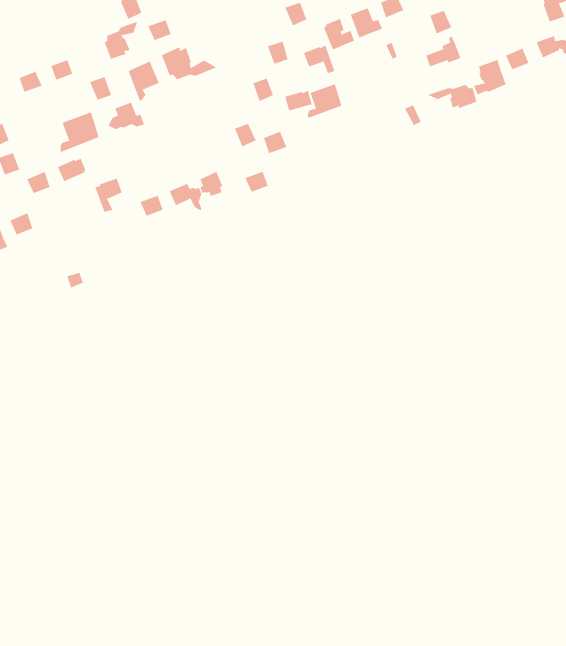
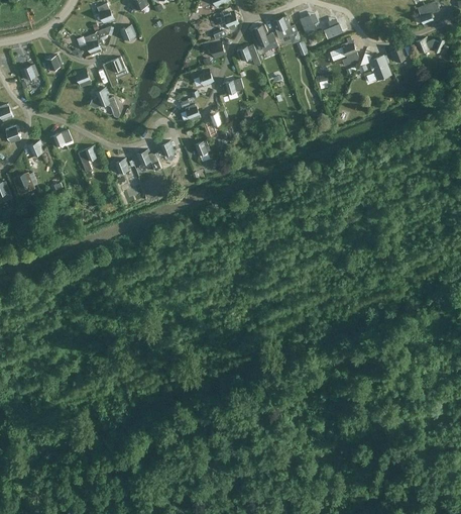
building: [161,47,217,80] -> none
building: [307,84,342,119] -> none
building: [426,84,477,109] -> none
building: [60,111,99,153] -> none

